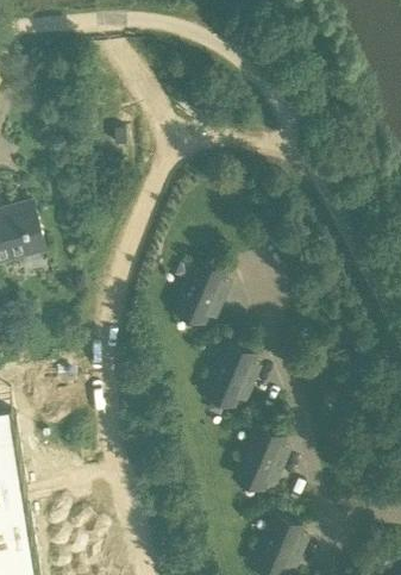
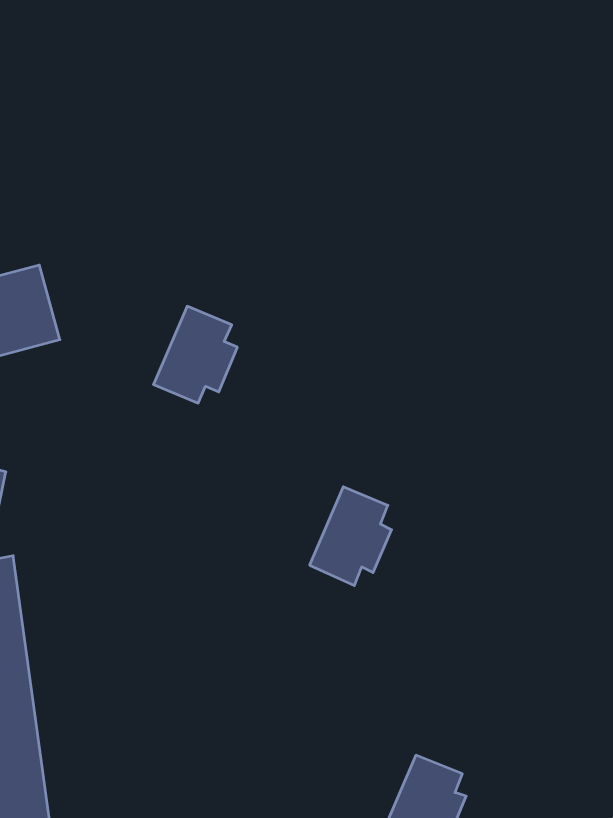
building: [171,267,225,329] -> [153,306,237,403]
building: [231,432,284,495] -> none

